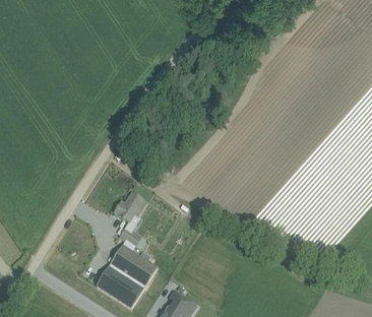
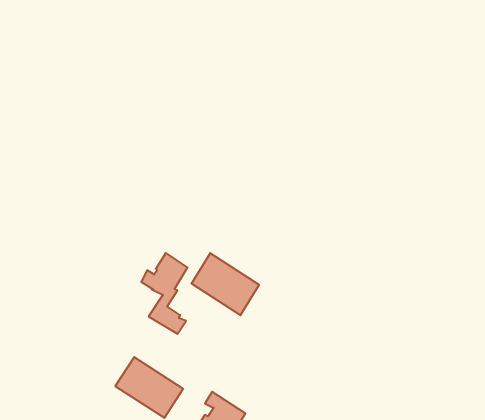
building: [110,243,158,287] -> [191,253,259,315]

